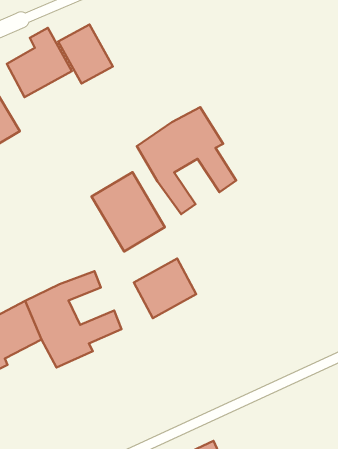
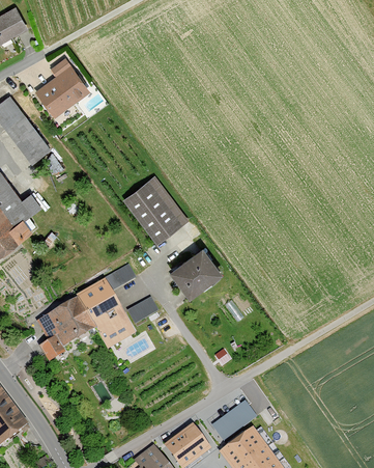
building: [58,24,113,84] -> none
building: [137,107,236,214] -> none

